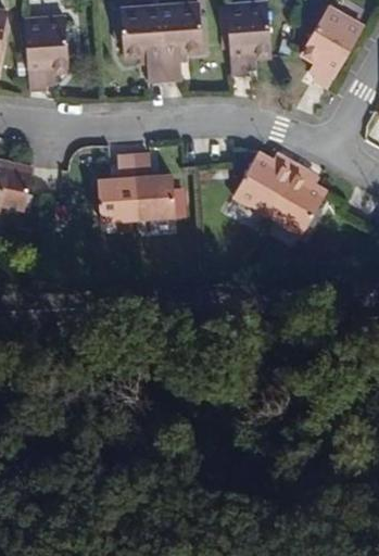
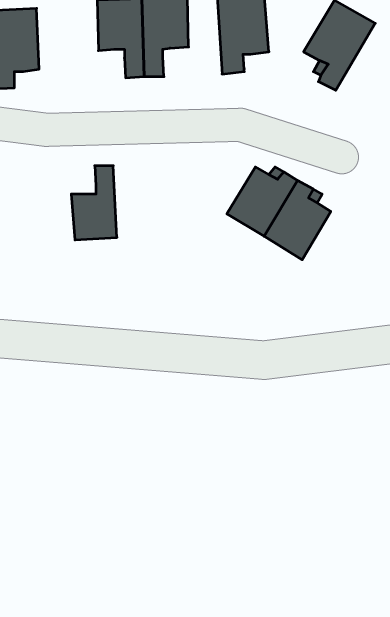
building: [135,153,177,217] -> none

